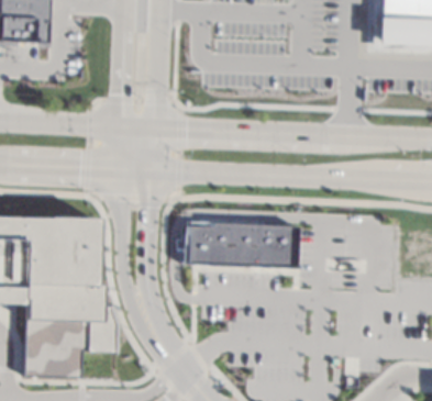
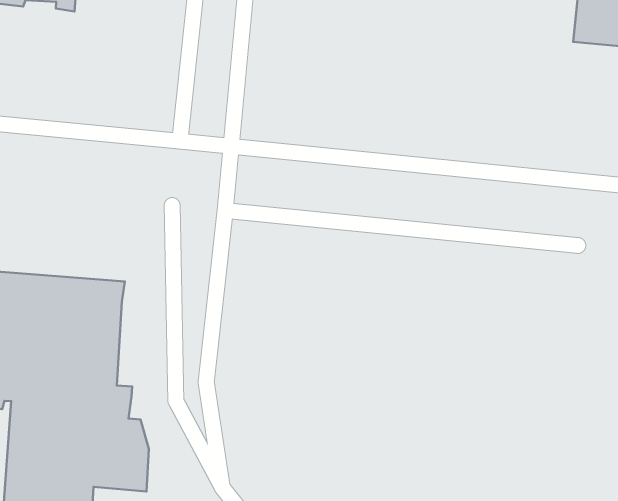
building: [187,221,298,267] -> none

